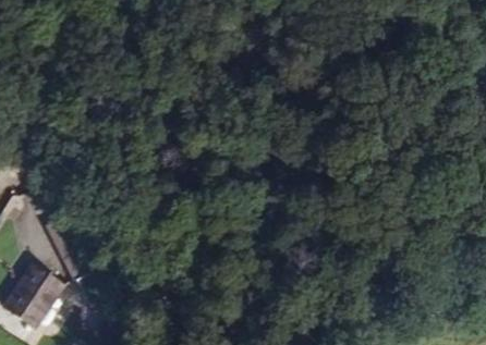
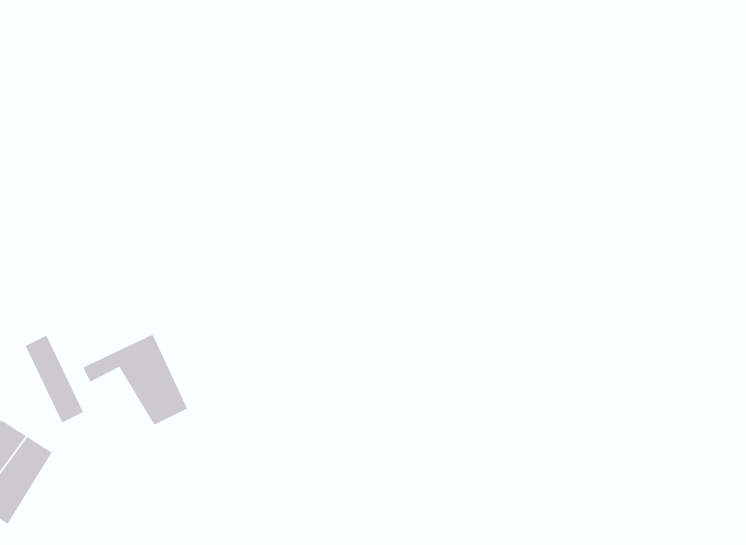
building: none -> [83,334,188,425]

